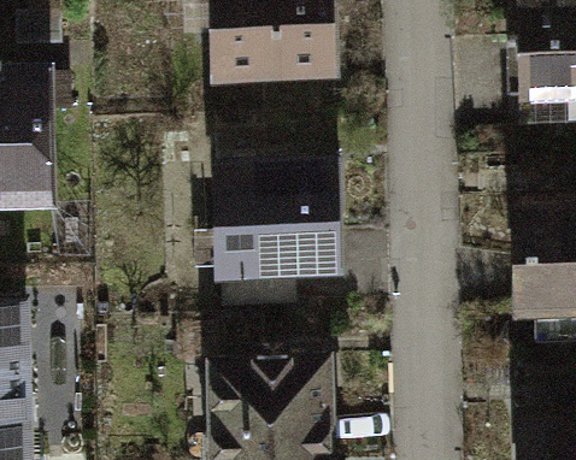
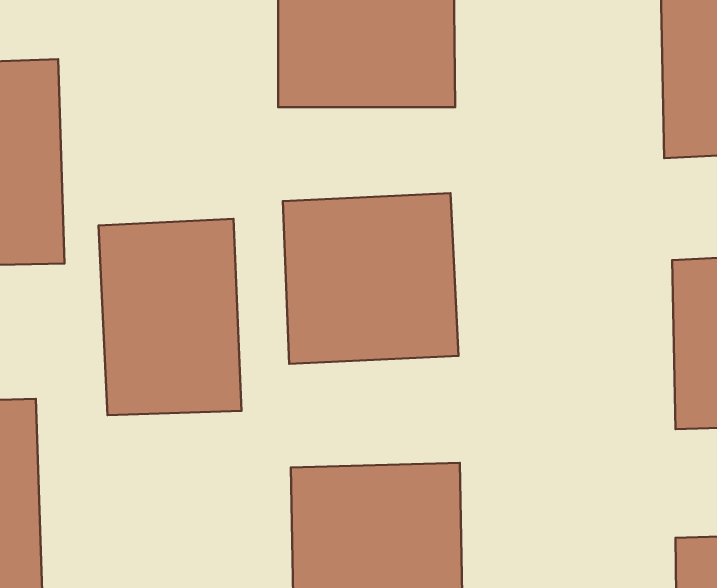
building: none -> [98,219,241,415]

